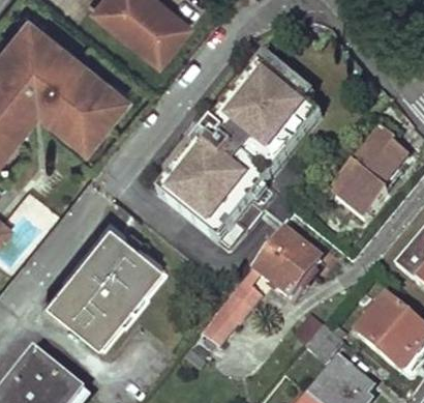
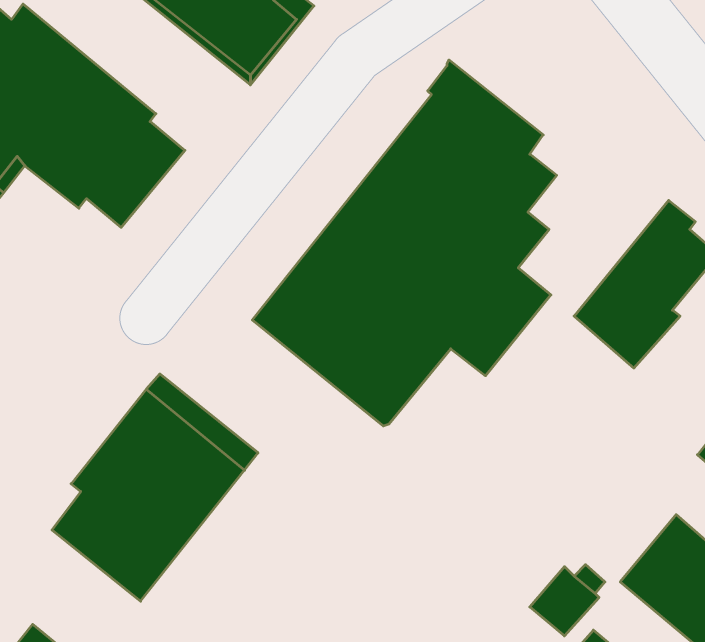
building: [256,225,323,292] -> none
building: [207,274,265,340] -> none

